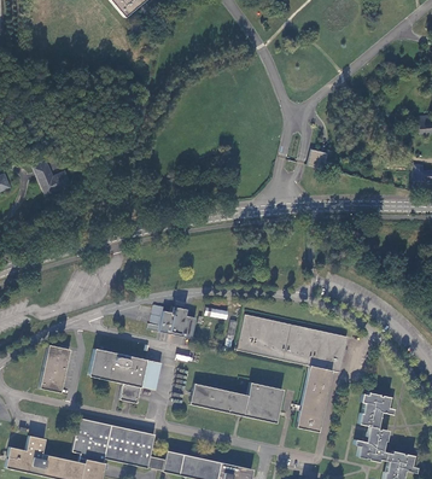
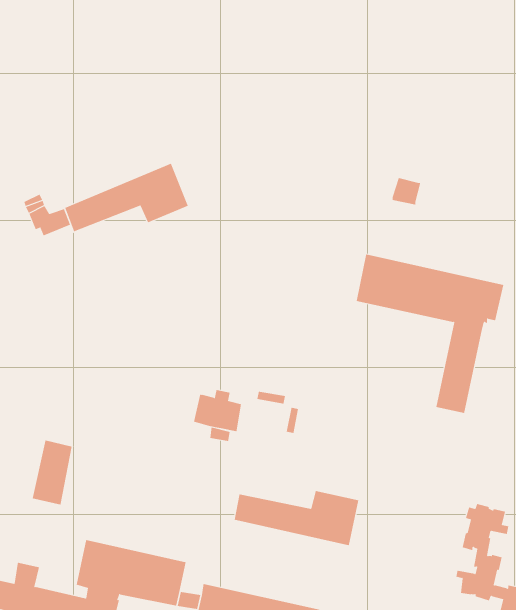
building: none -> [64,163,189,232]
building: [238,312,348,431] -> [356,254,504,414]
building: [88,346,160,401] -> none

